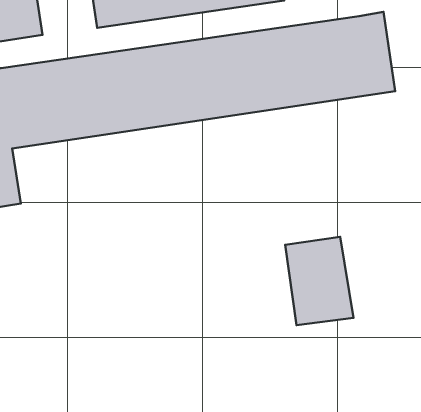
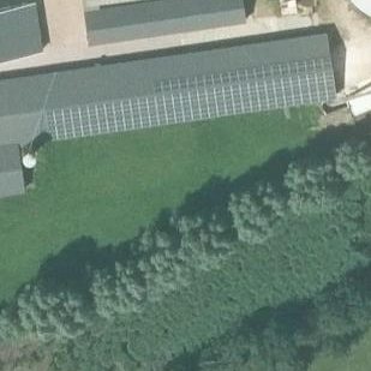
building: [285,237,353,325] -> none

